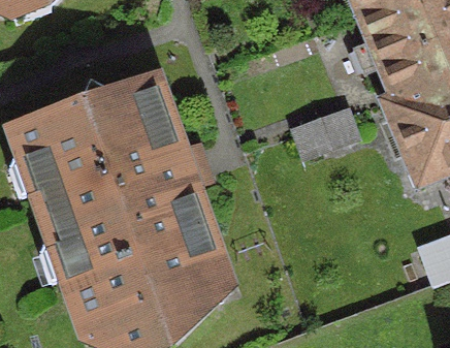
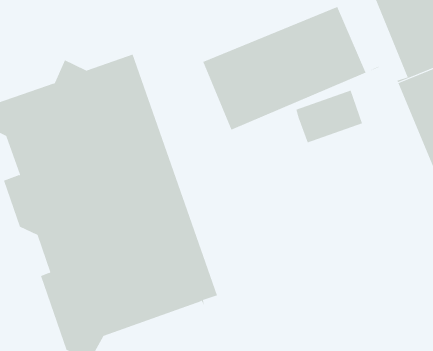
building: none -> [203,6,379,131]

